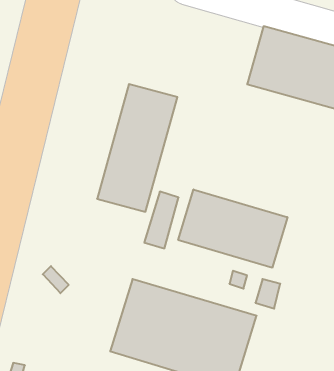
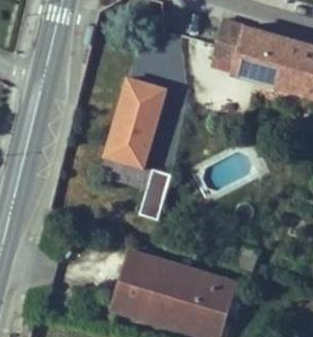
building: none -> [210,18,244,64]
building: [178,189,287,268] -> none

